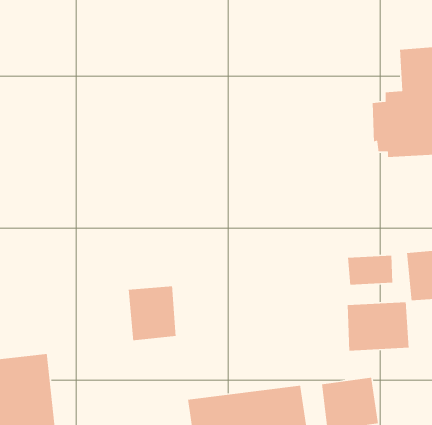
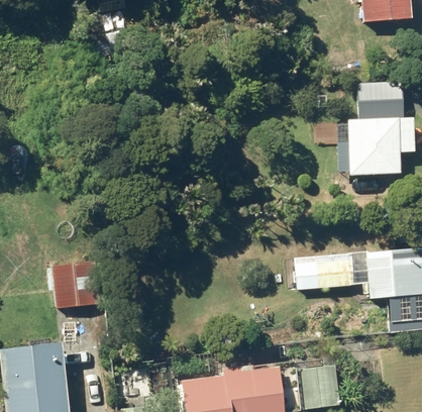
building: [128,286,176,341] -> [54,259,95,306]
building: [347,301,410,351] -> none

